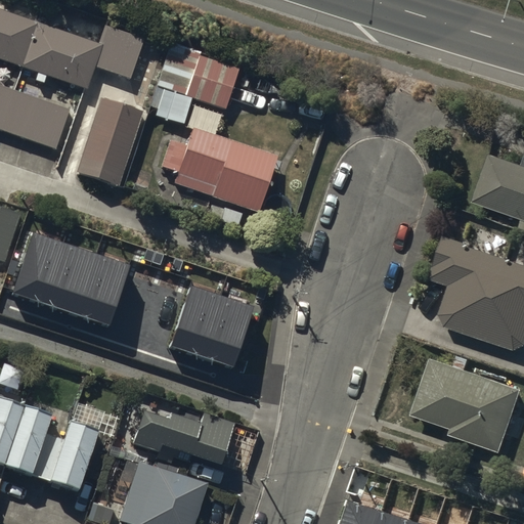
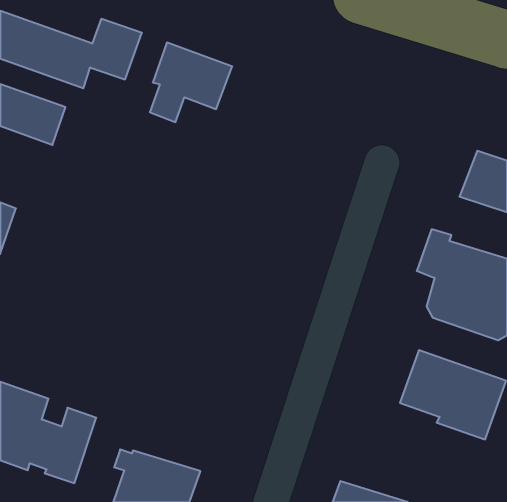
building: [76,99,142,186] -> none
building: [161,107,275,214] -> none
building: [12,227,129,321] -> none
building: [169,280,254,362] -> none
building: [133,417,231,471] -> none

